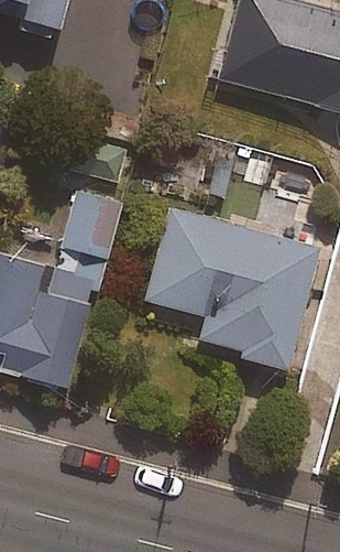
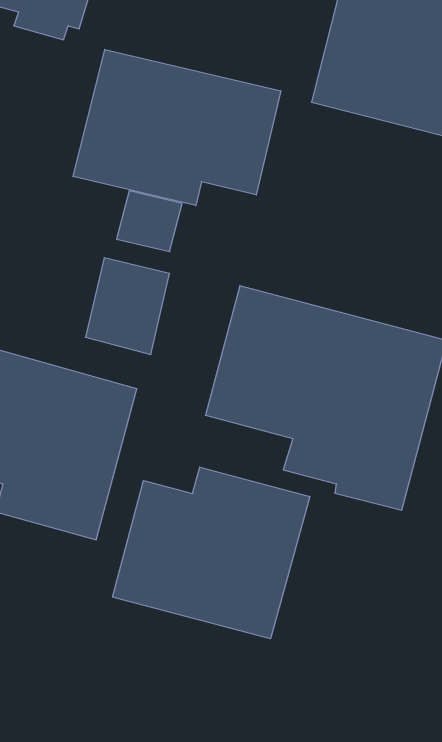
building: none -> [73,49,281,206]
building: none -> [113,467,310,639]

